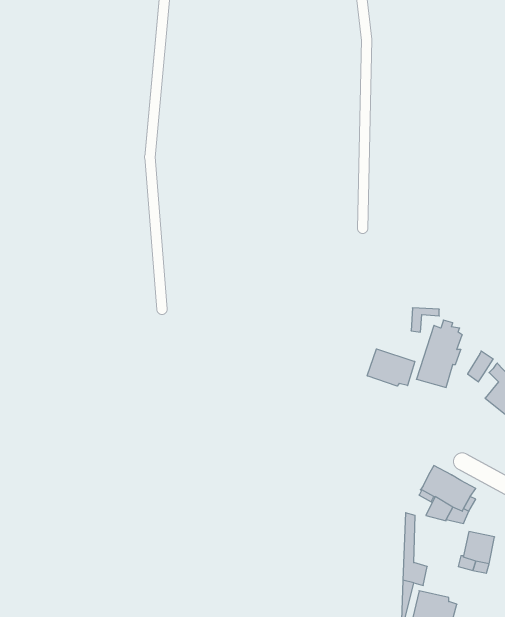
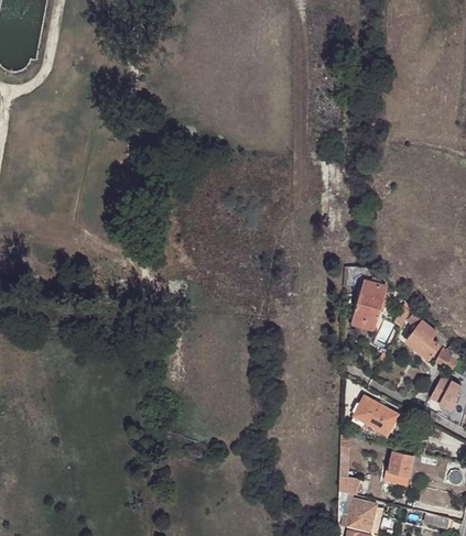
building: [367,349,415,386] -> none

